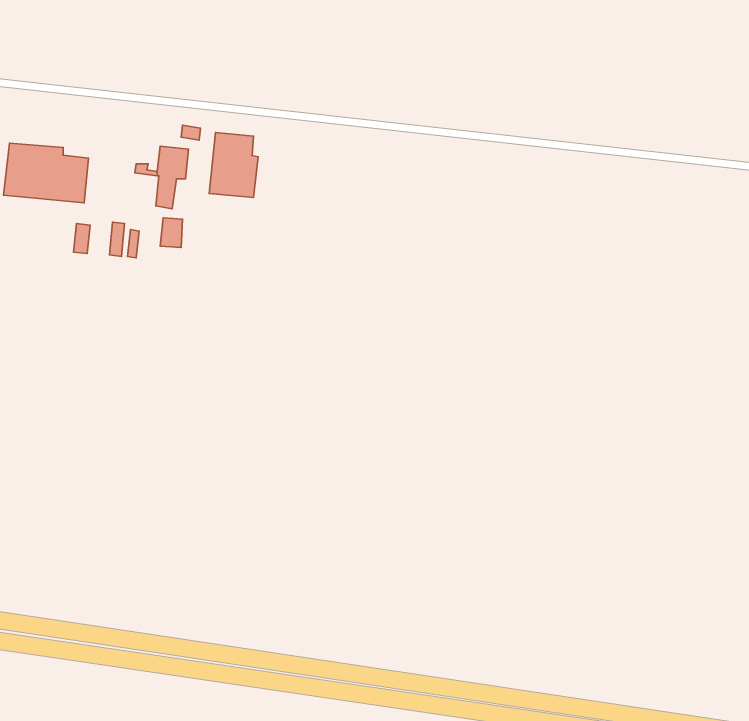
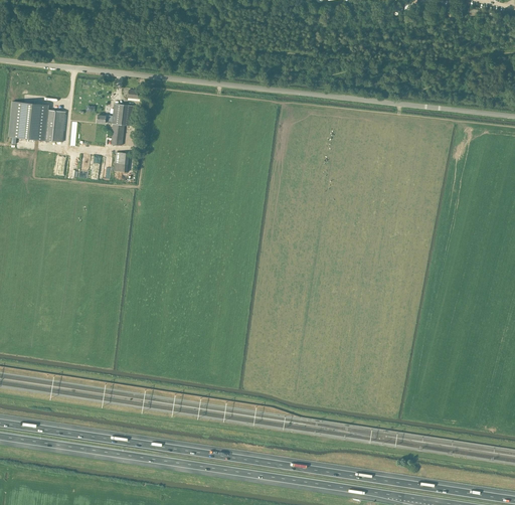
building: [209,133,258,197] -> none

